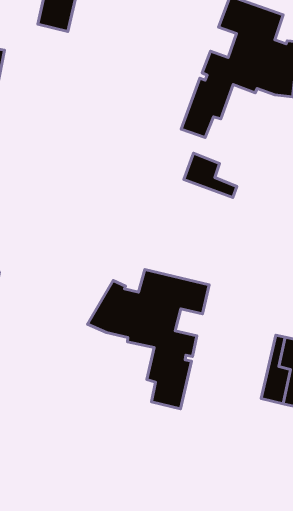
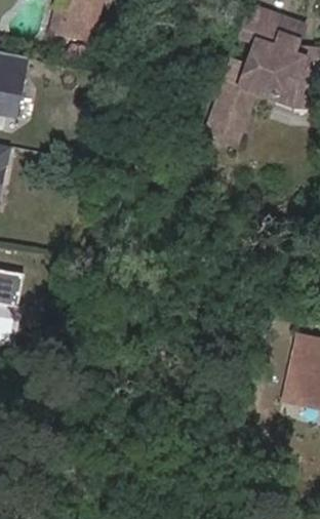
building: [184,153,237,198] -> none
building: [87,269,209,409] -> none

